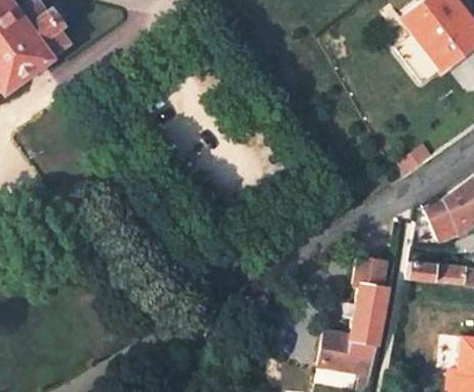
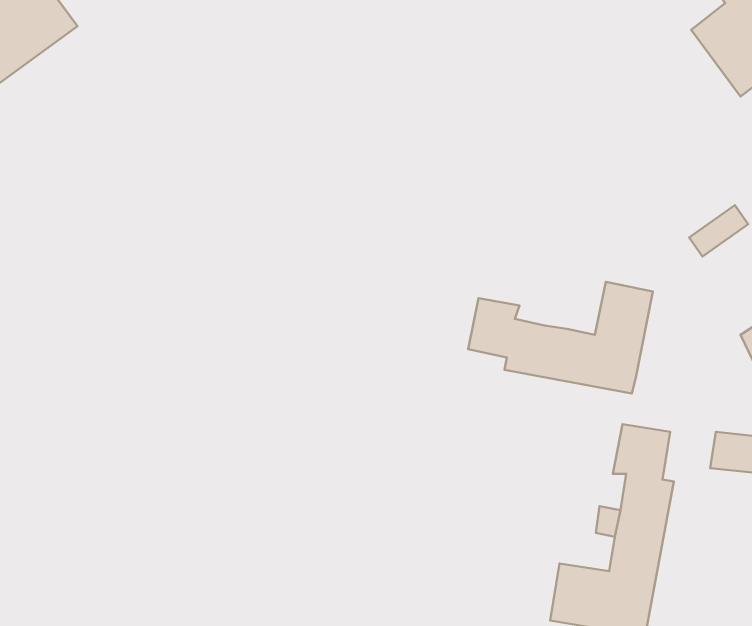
building: none -> [468,282,653,393]

